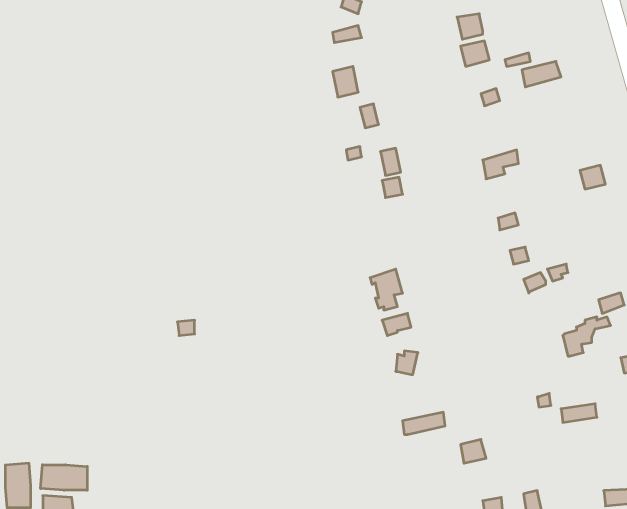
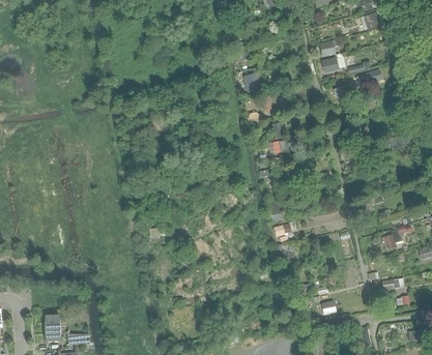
building: [41,465,87,490] -> none

